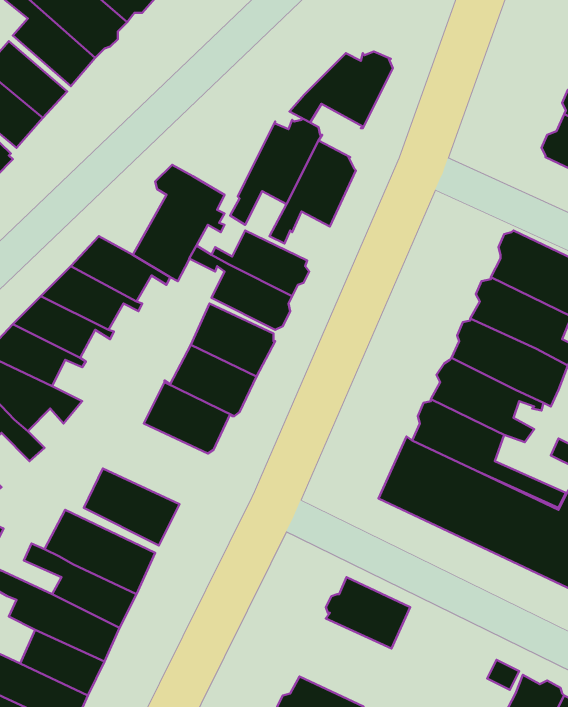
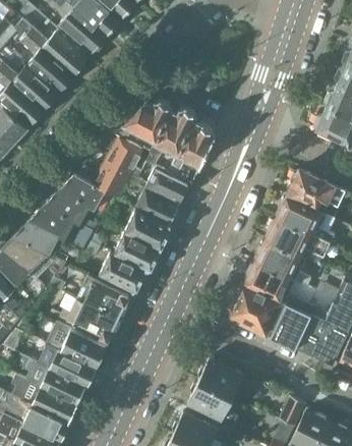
building: [290,51,393,128] -> [115,101,171,143]
building: none -> [77,276,129,318]
building: none -> [188,380,234,423]

